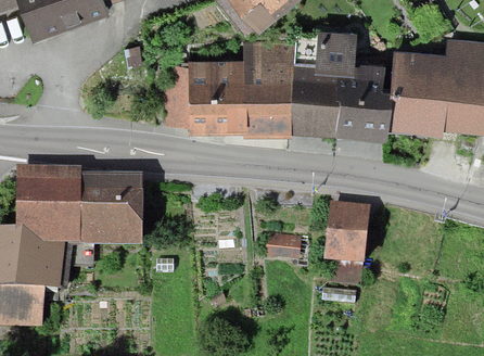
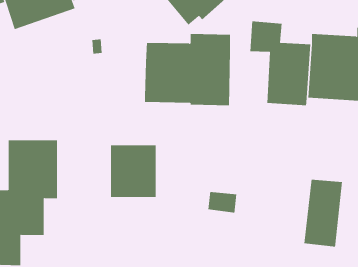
building: [293,65,341,134] -> none
building: [167,79,190,123] -> none
building: [84,181,140,245] -> [110,145,156,197]
building: [322,205,370,288] -> [304,179,343,247]

